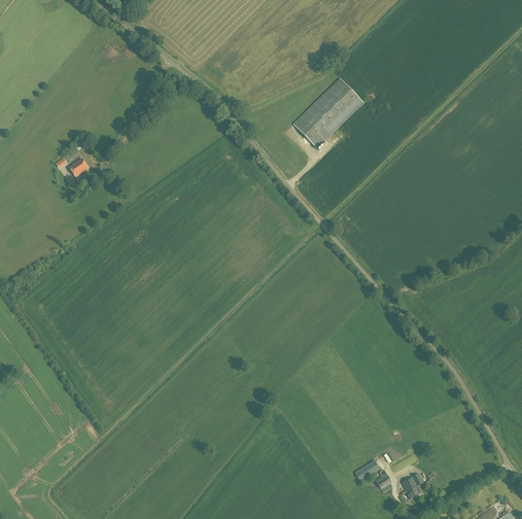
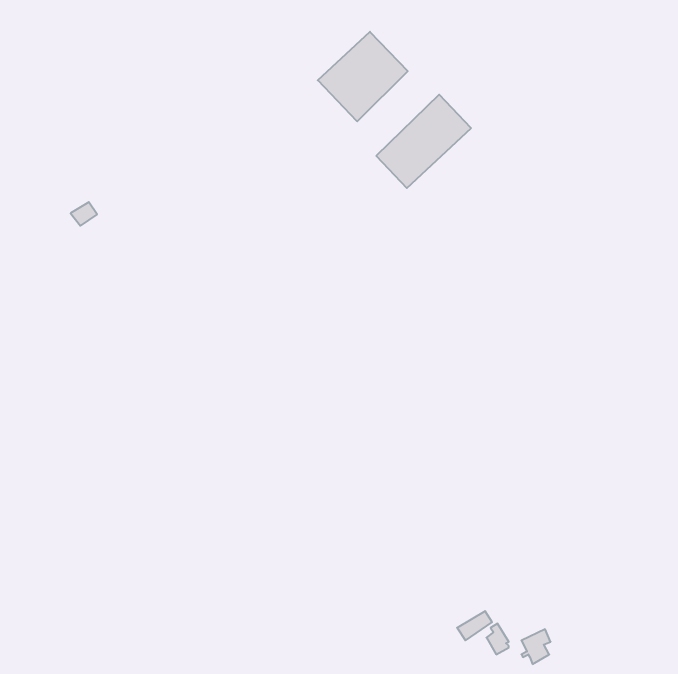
building: none -> [318,32,408,121]

